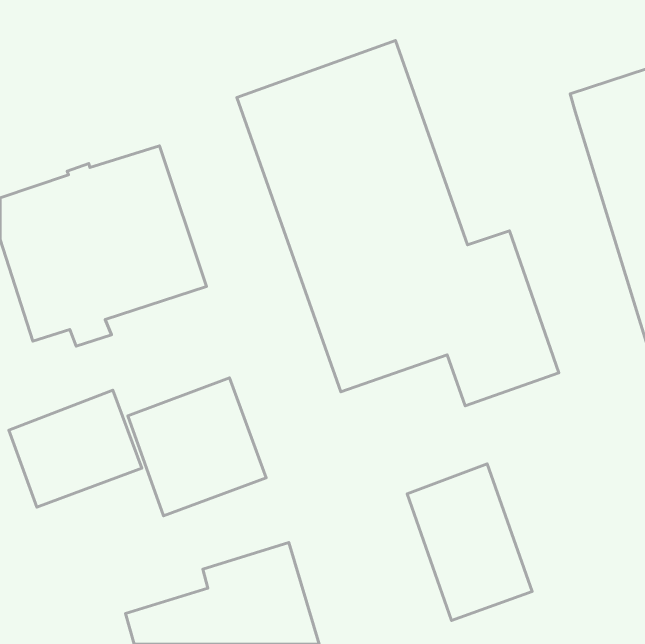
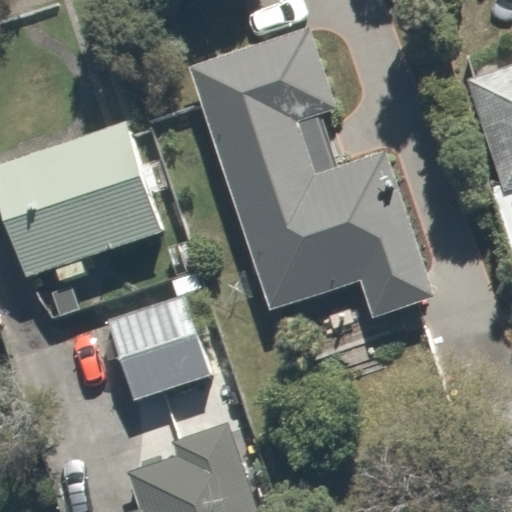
building: [9,390,142,507] -> none
building: [407,464,532,620] -> none

